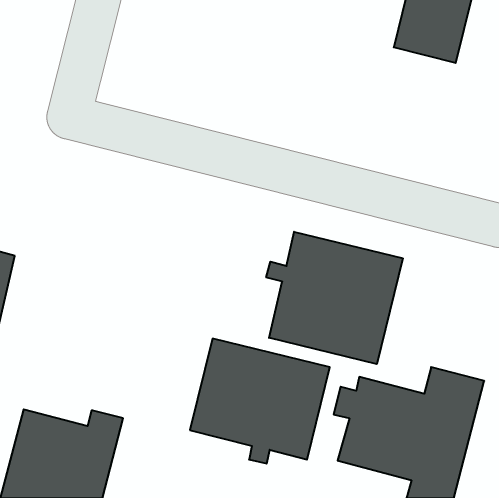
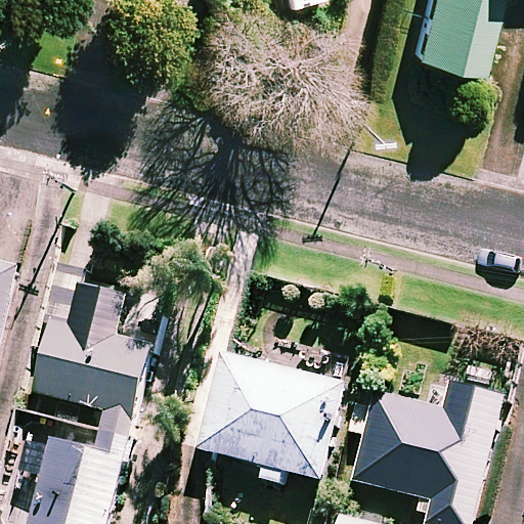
building: [266,232,403,364] -> none
building: none -> [33,280,151,435]

